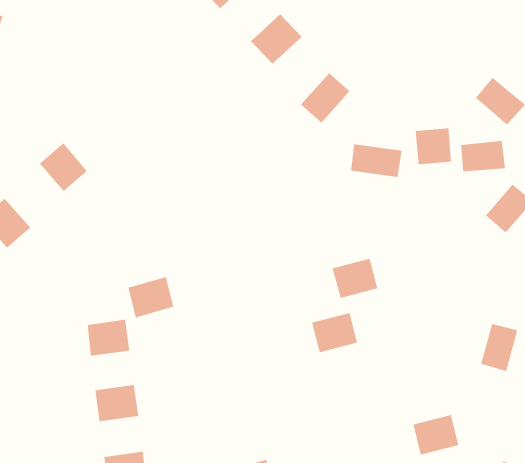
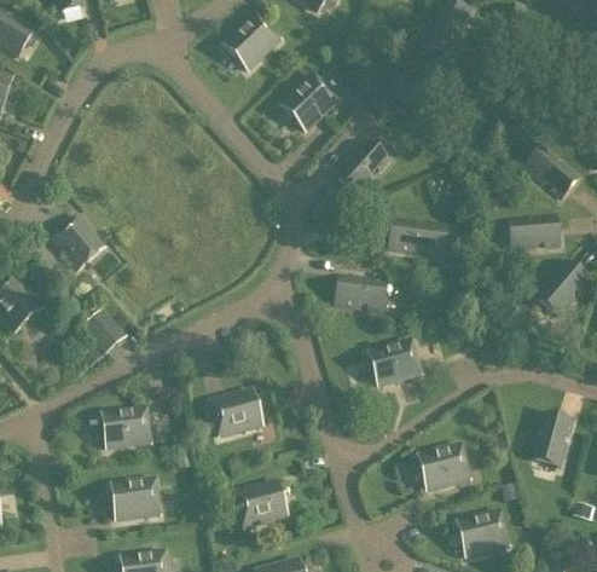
building: [415,128,452,165] -> none
building: none -> [335,272,386,308]
building: none -> [81,308,127,354]
building: [127,276,174,318] -> [210,389,261,435]
building: [311,312,358,353] -> [418,445,469,490]
building: none -> [234,481,286,527]

